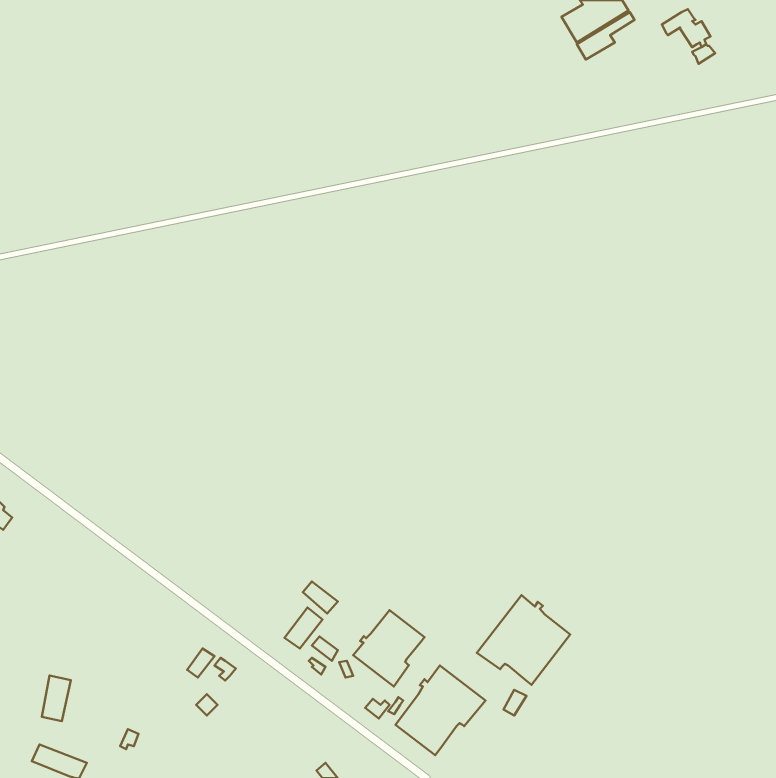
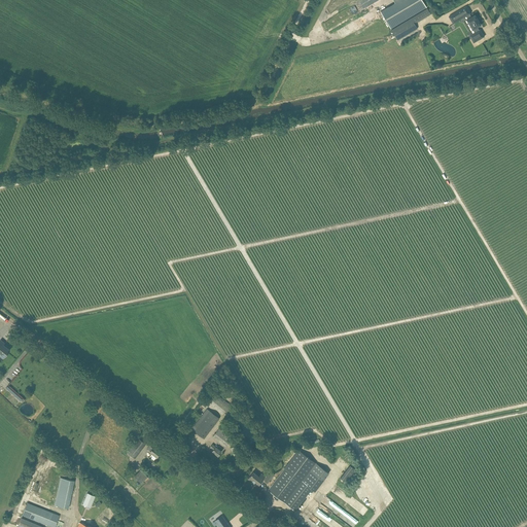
building: [477,595,570,685] -> none
building: [353,610,425,686] -> none
building: [42,676,71,721] -> [54,478,73,508]

